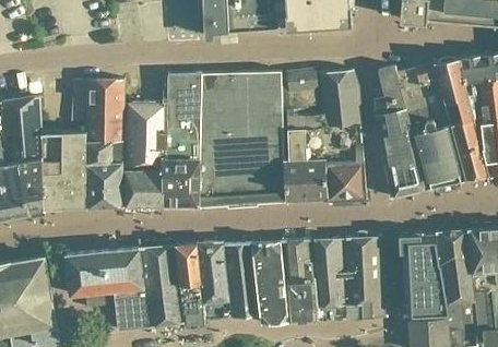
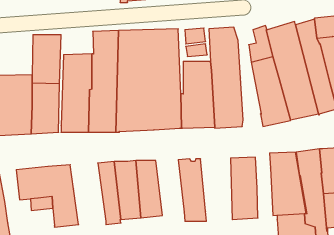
building: [309,241,351,324] -> none
building: [250,243,288,326] -> none
building: [138,248,185,328] -> none

